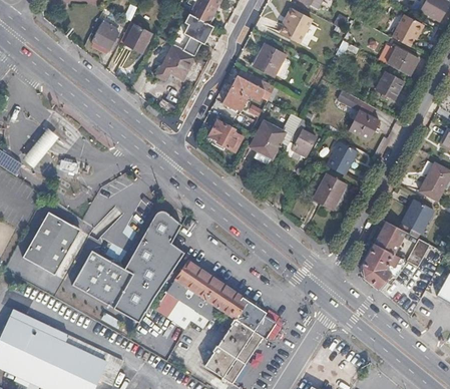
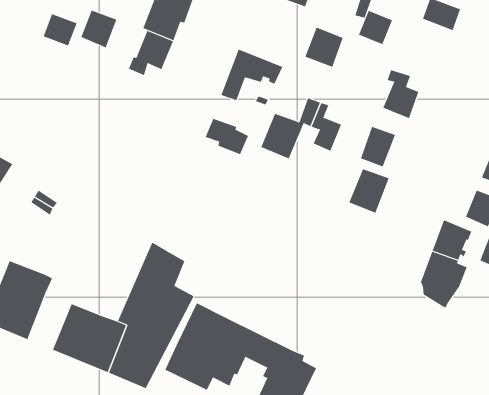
building: [254,44,286,77] -> [304,27,344,68]
building: [377,71,405,99] -> [358,10,393,45]

